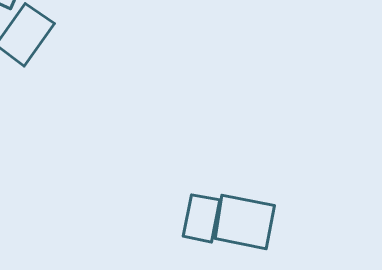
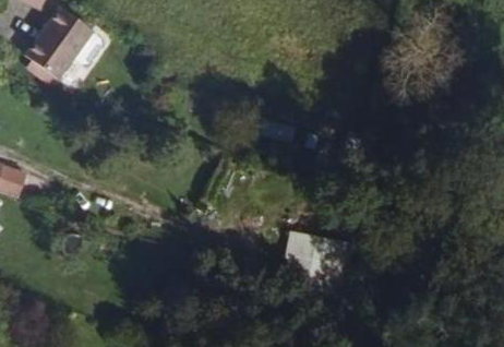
building: [183,195,220,242] -> none

